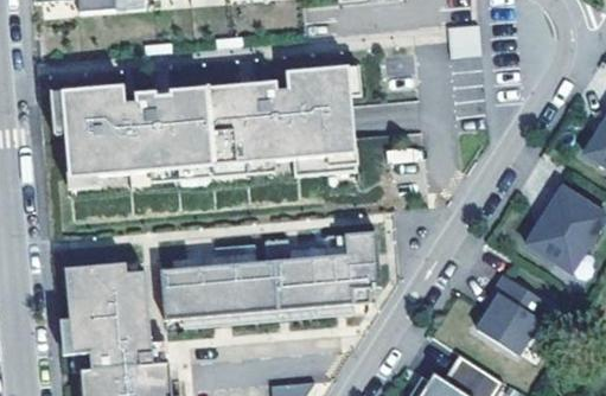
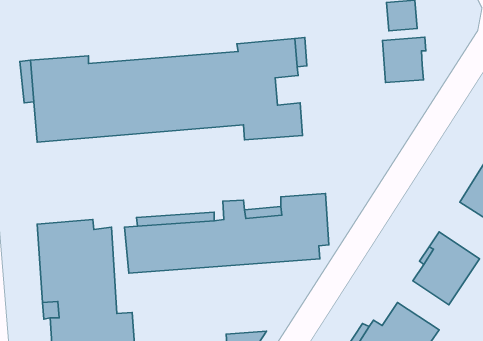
building: none -> [382,37,426,83]

